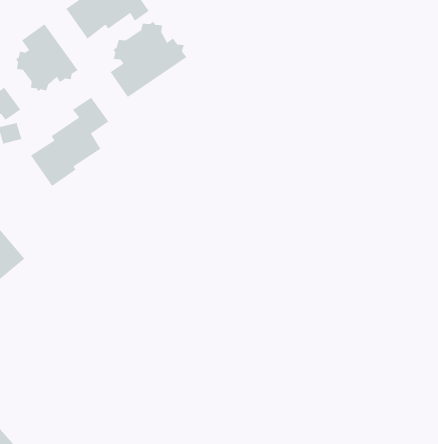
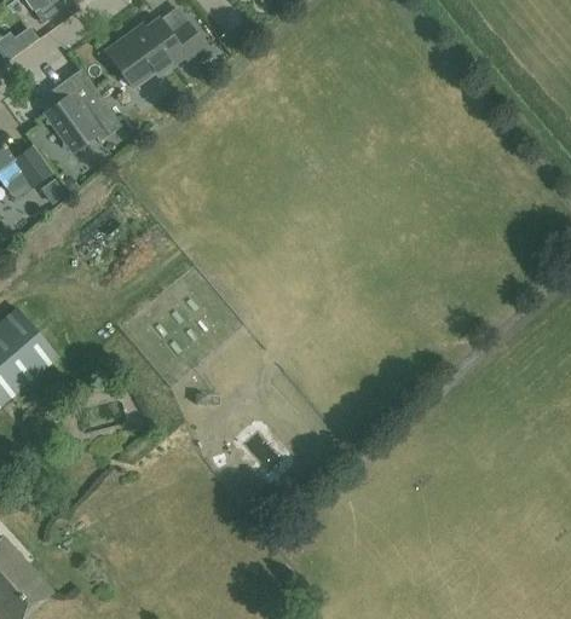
building: [110,21,187,98] -> none
building: [30,97,109,187] -> none

